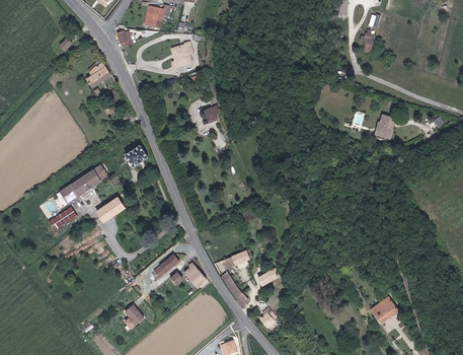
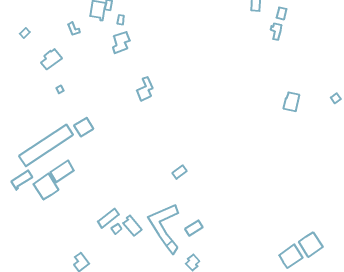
building: none -> [33,173,58,200]
building: none -> [299,232,323,257]

